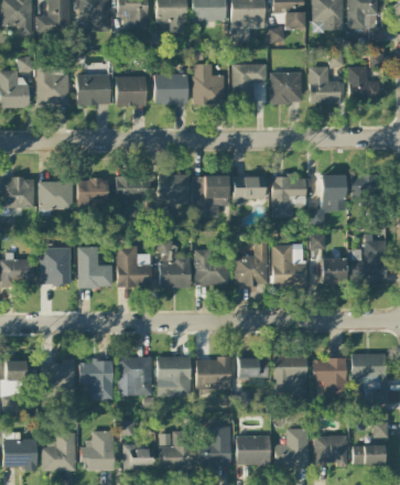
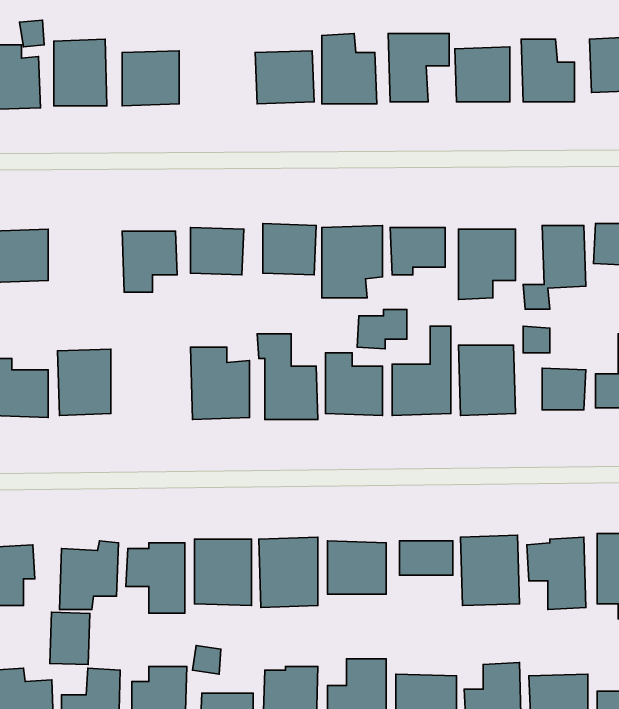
building: [116,75,147,105] -> none
building: [40,180,73,211] -> none
building: none -> [357,309,407,349]
building: [78,246,113,287] -> none
building: none -> [50,612,90,665]

